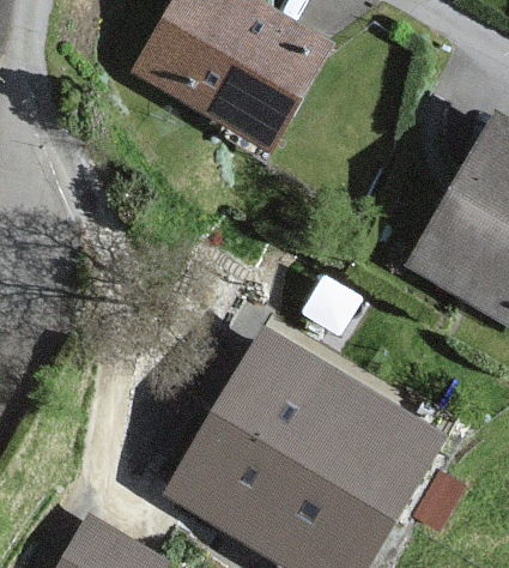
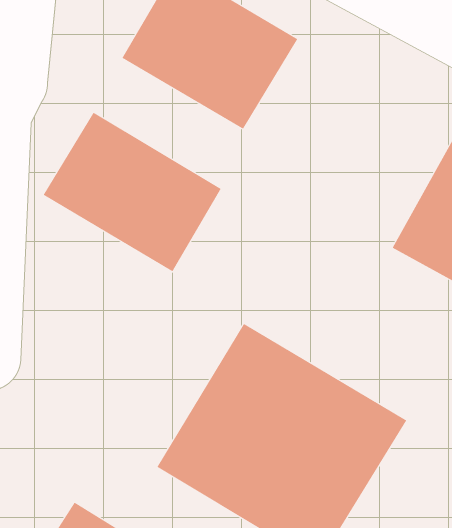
building: none -> [43,112,222,272]

